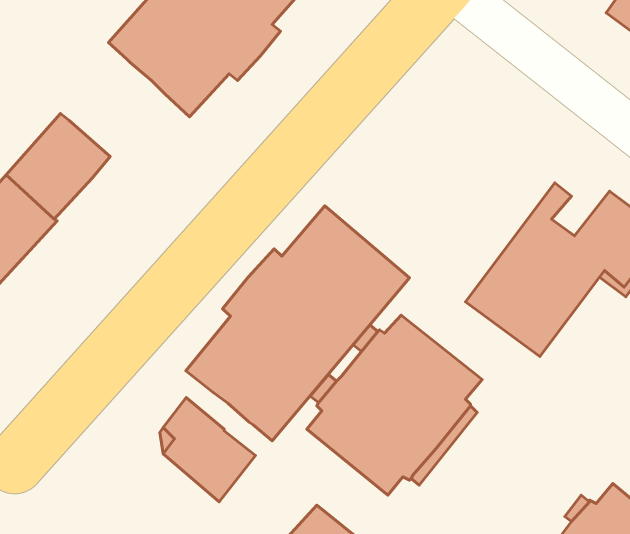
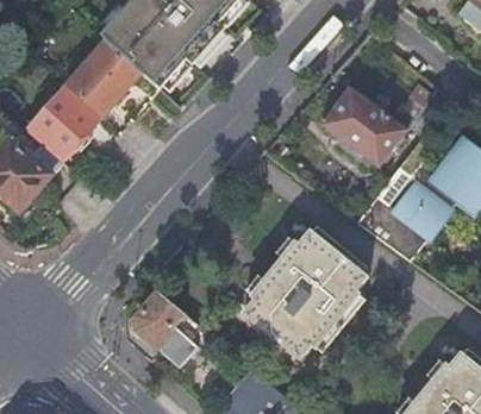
building: none -> [71,45,140,115]
building: none -> [323,86,407,165]
building: [186,206,410,441] -> none

